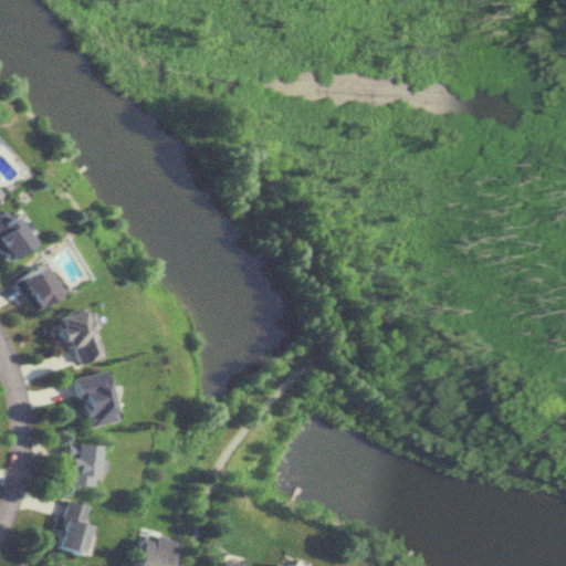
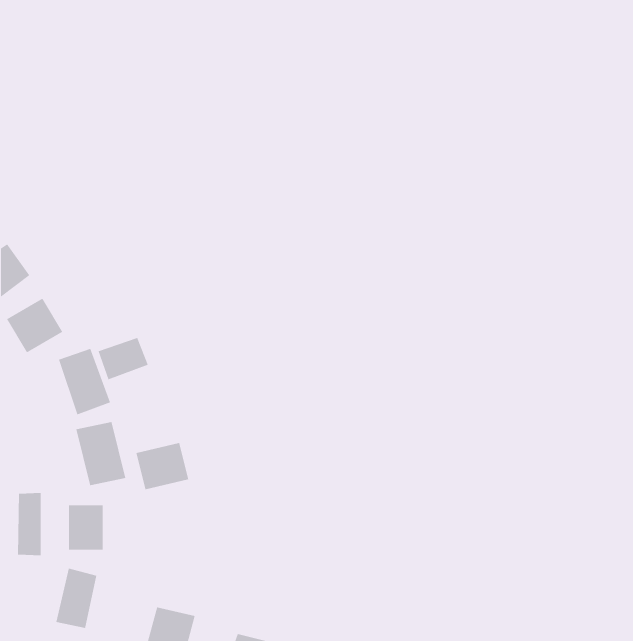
building: none -> [98,337,148,380]
building: none -> [136,442,189,490]
building: none -> [18,492,41,556]

